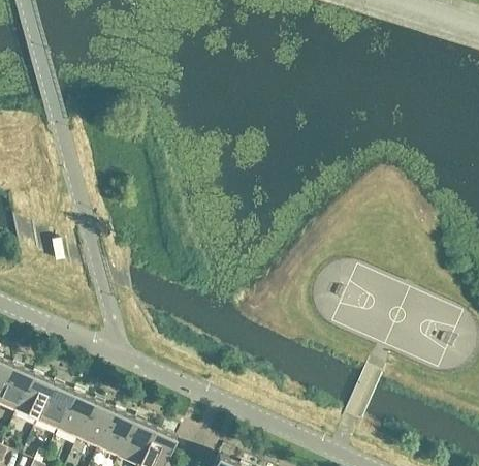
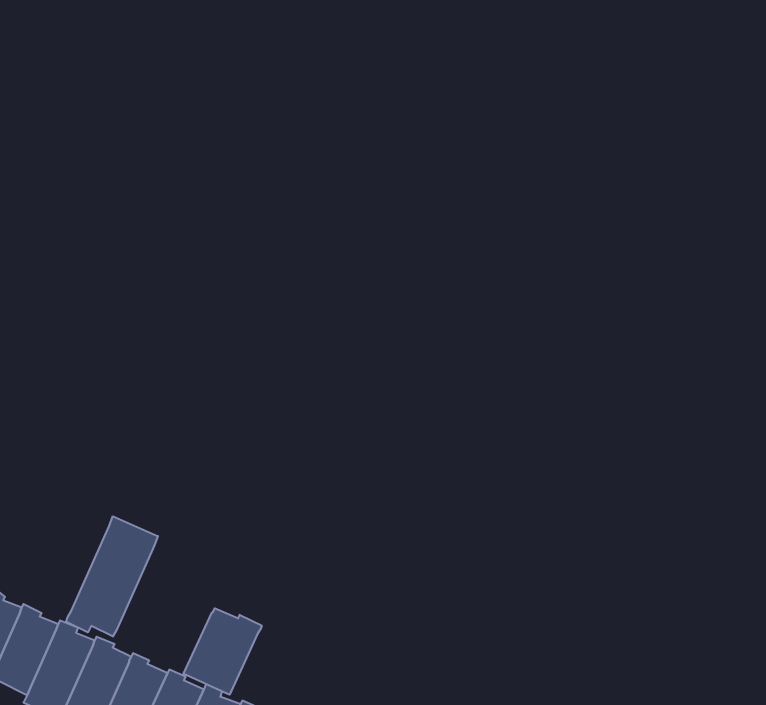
building: none -> [66,516,158,637]
building: none -> [184,608,262,695]

